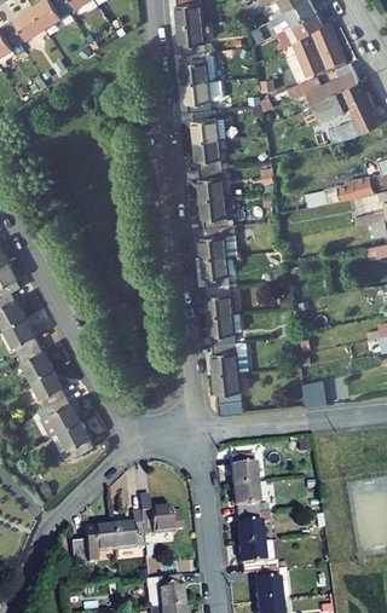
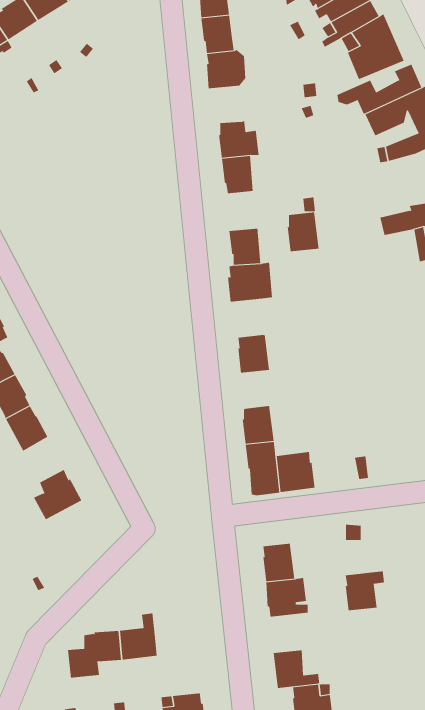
building: [184,80,223,112] -> none
building: [198,167,225,199] -> [287,212,319,252]
building: [202,255,230,287] -> none
building: [210,313,242,345] -> none
building: [33,368,67,405] -> none
building: none -> [276,451,315,493]
building: [52,420,94,457] -> none
building: [138,496,180,534] -> none
building: [235,511,267,544] -> [345,571,385,611]

